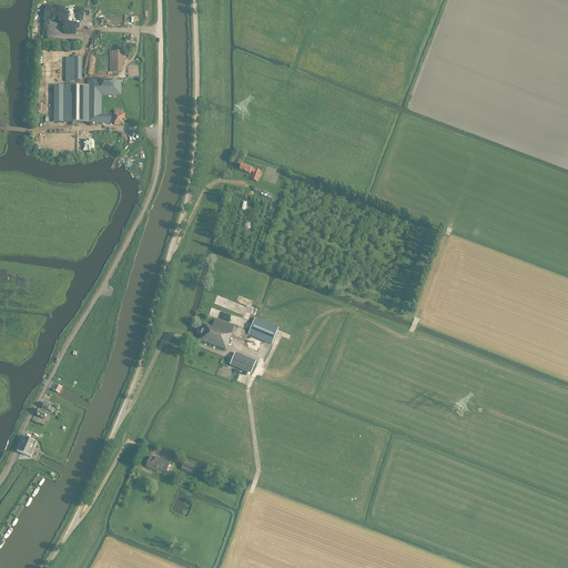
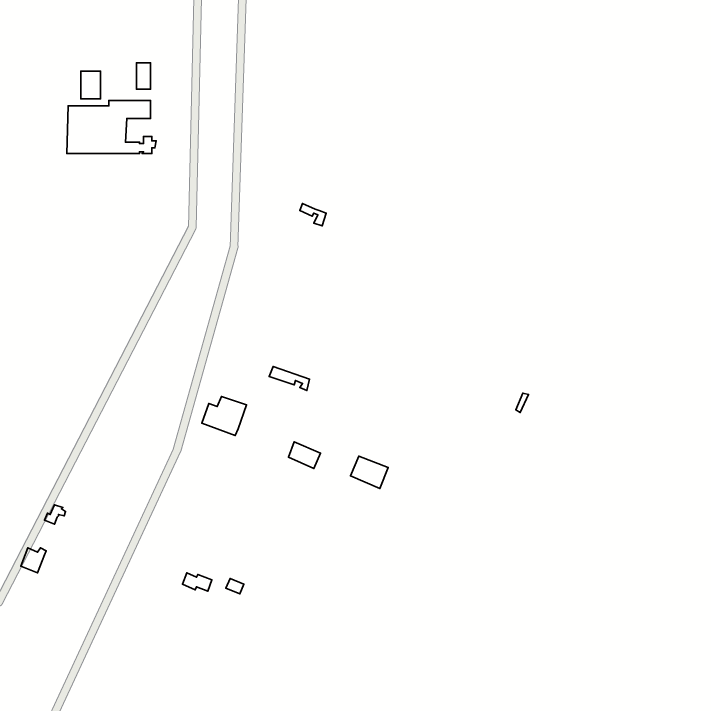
building: [199,317,234,348] -> [202,397,246,436]
building: [247,317,277,343] -> [351,456,388,488]

